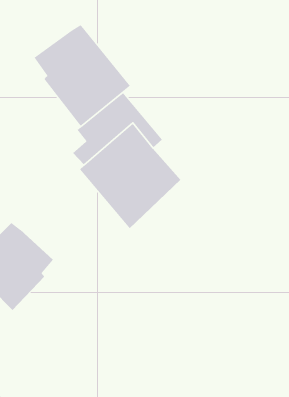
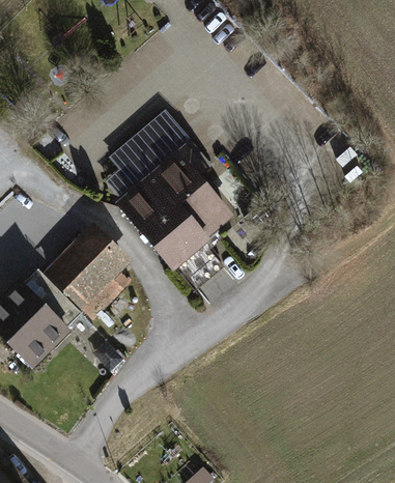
building: [33,24,131,127] -> none
building: none -> [44,220,133,317]

